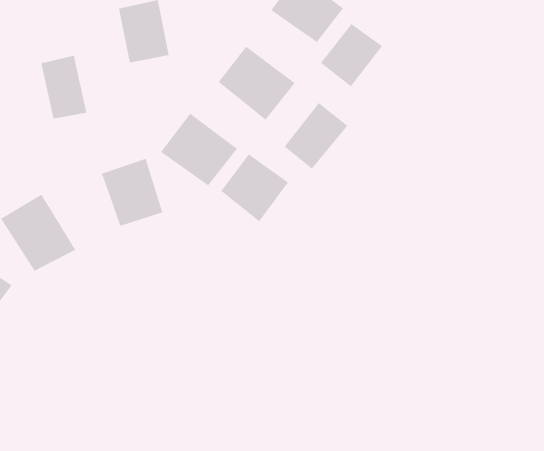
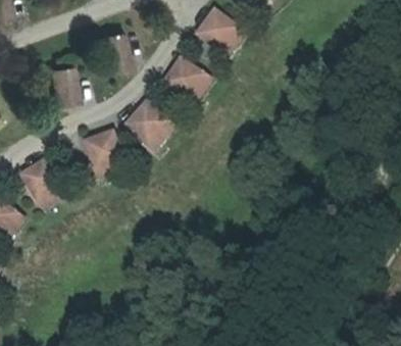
building: [320,23,383,87] -> none
building: [284,102,348,169] -> none
building: [221,153,289,222] -> none

